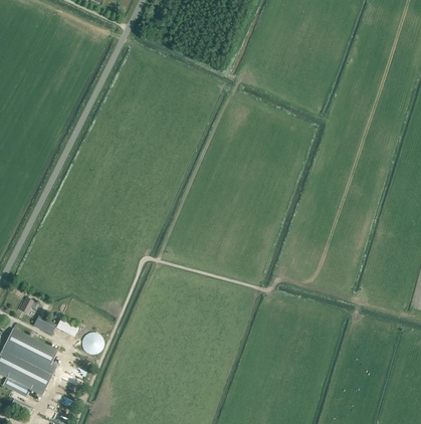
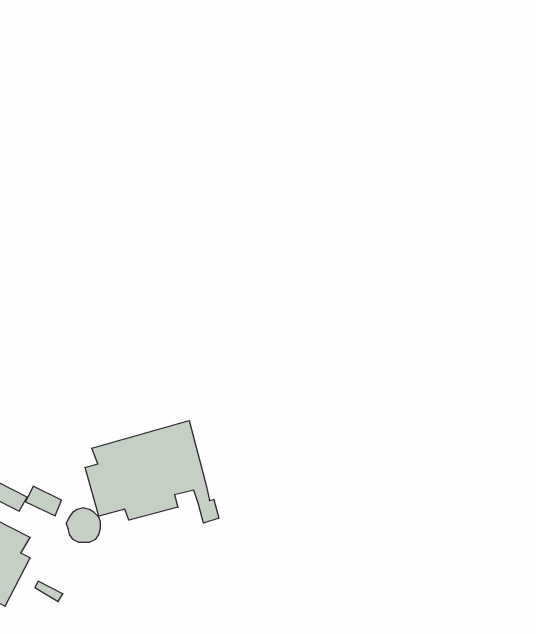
building: none -> [85,421,219,523]

